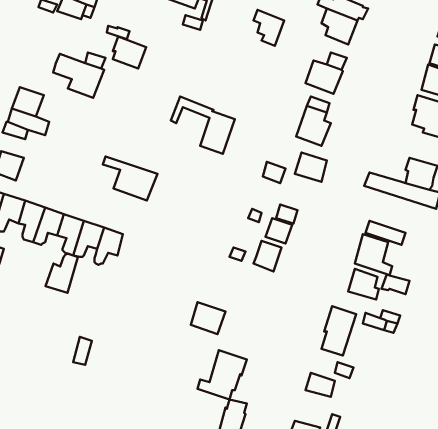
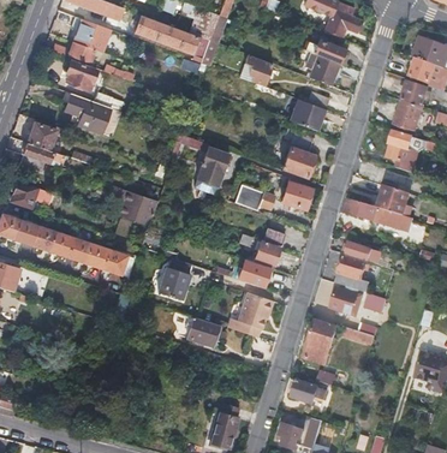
building: [113,37,146,69] -> [65,59,95,88]
building: none -> [157,257,190,300]
building: [45,254,78,293] -> none
building: [197,350,247,400] -> [227,292,272,336]

